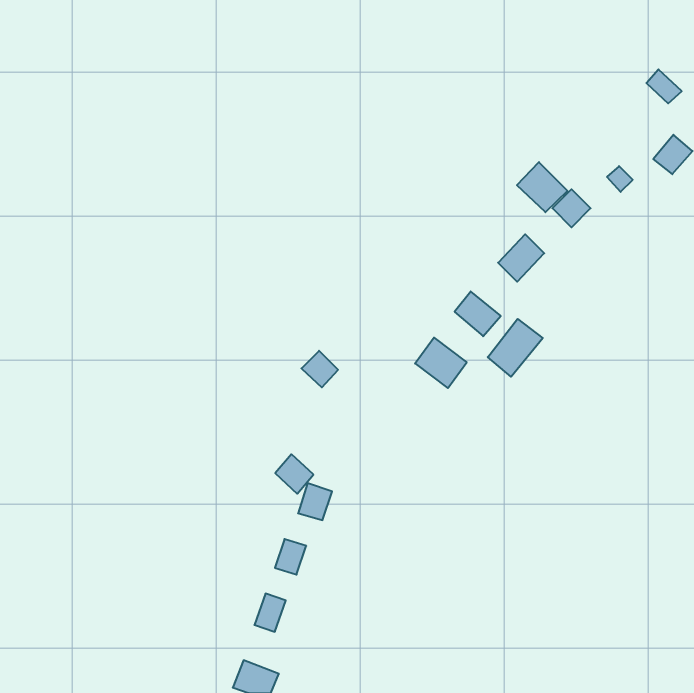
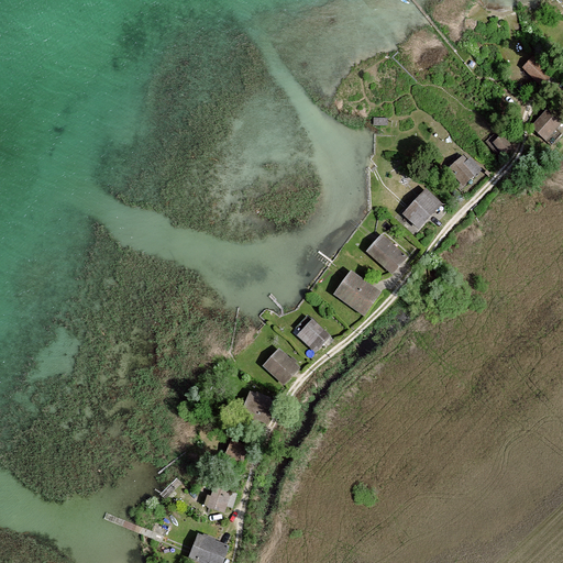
building: [517,162,567,212] -> none
building: [488,319,543,377] -> none
building: [301,351,338,387] -> [298,320,328,350]
building: [275,454,313,494] -> [266,352,297,384]

